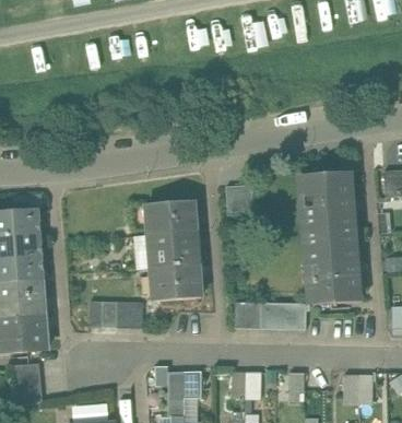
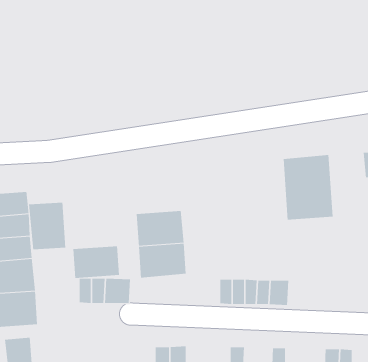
building: [225,184,253,214] -> none
building: [146,200,196,234] -> [72,246,120,278]
building: none -> [28,202,66,250]
building: [305,237,358,304] -> none

